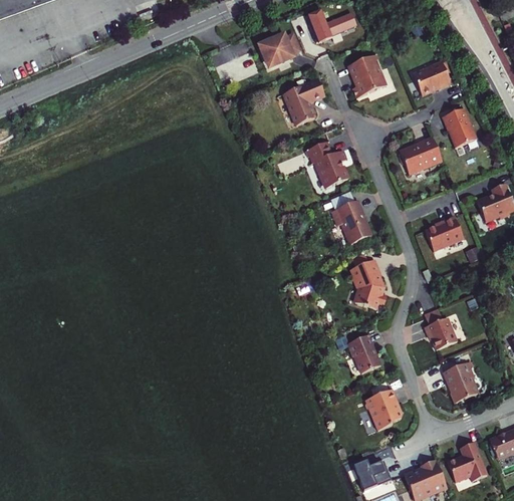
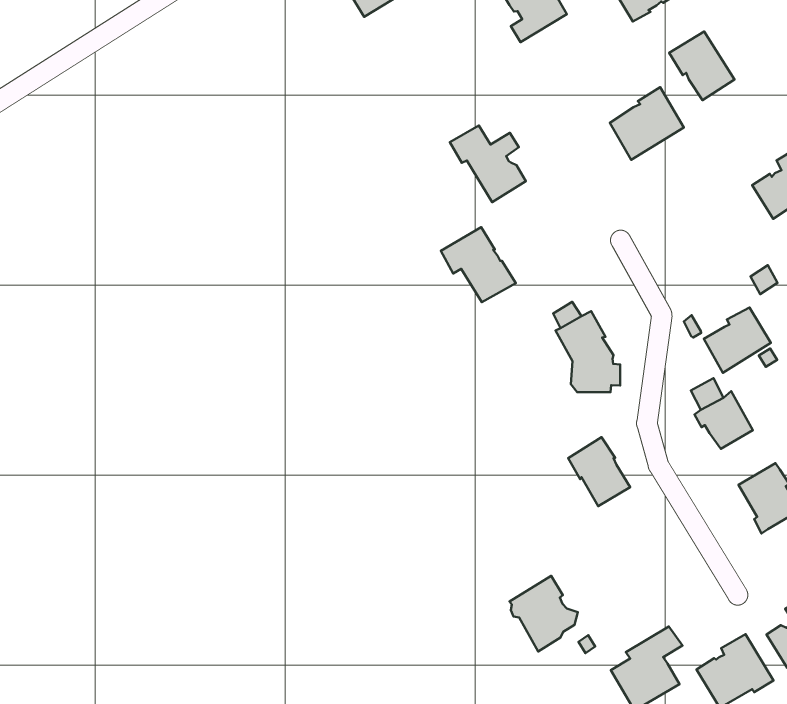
building: [283,79,323,124] -> none
building: [332,200,372,243] -> [441,227,516,302]
building: [426,216,464,251] -> [704,307,771,373]
building: [364,387,403,429] -> [510,576,578,651]

